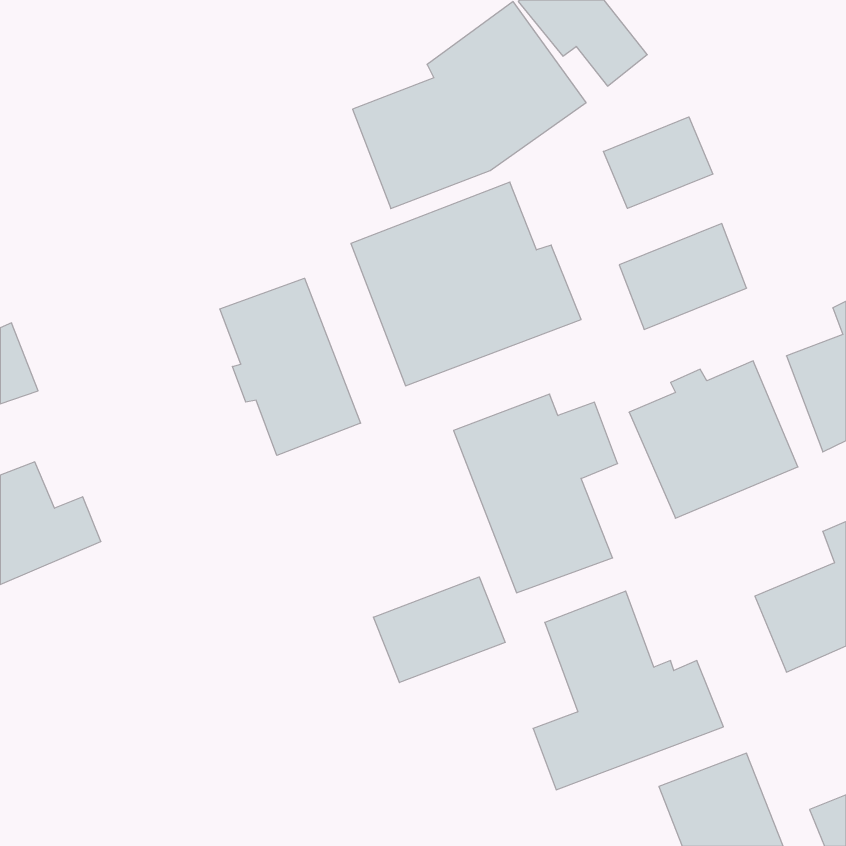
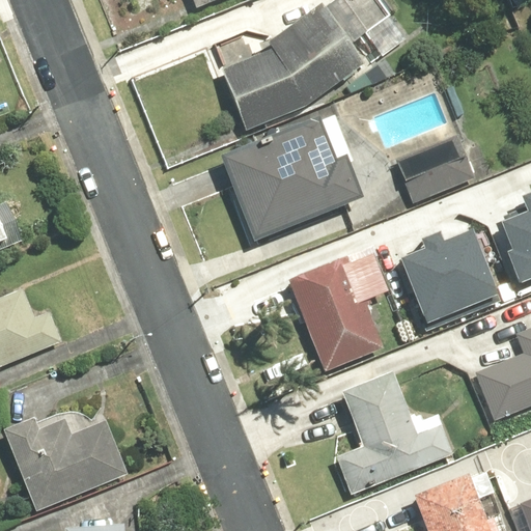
building: [603,117,713,208] -> none
building: [220,278,361,455] -> none
building: [373,577,505,683] -> none
building: none -> [4,417,131,512]

